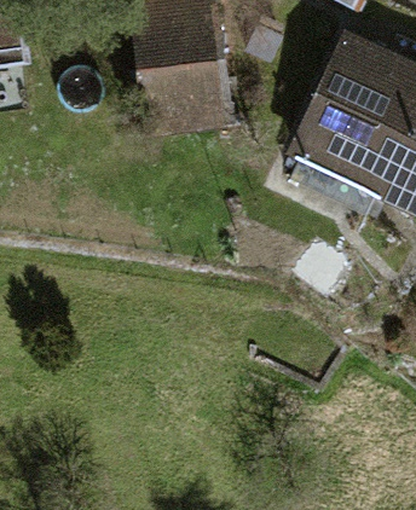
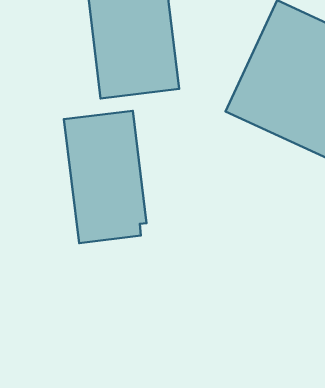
building: none -> [64,111,147,243]

